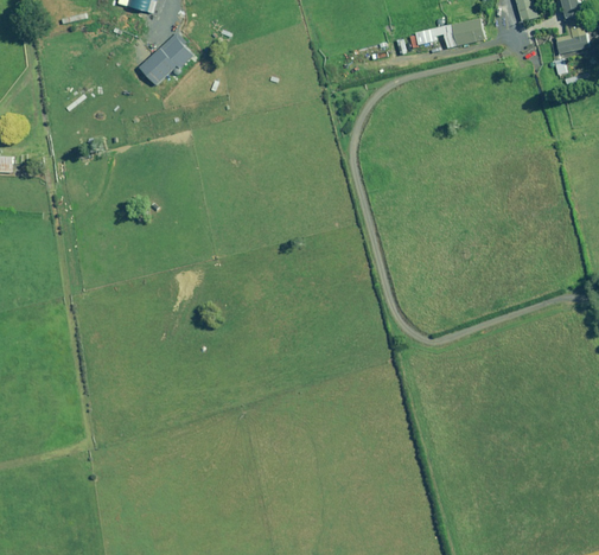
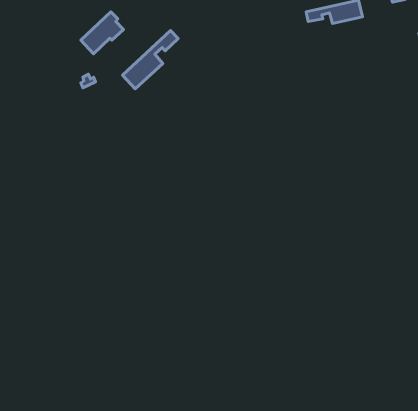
building: none -> [123,31,178,89]

